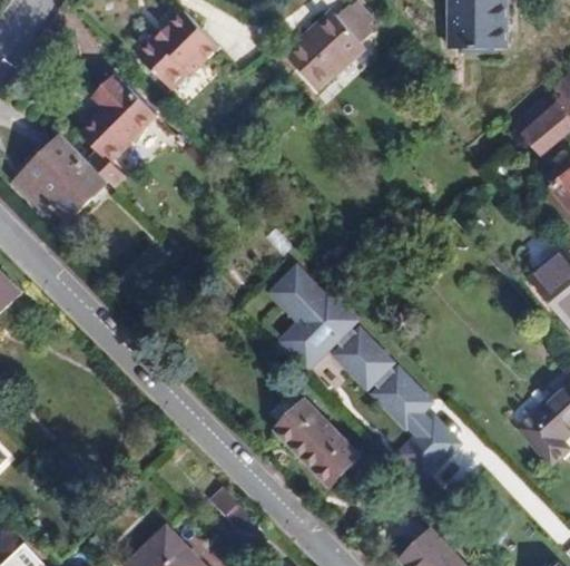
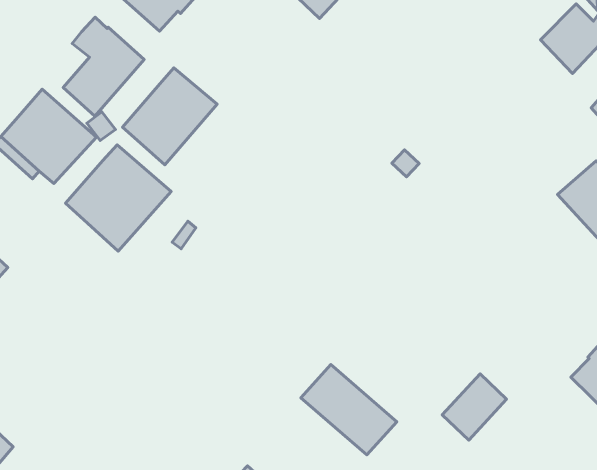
building: none -> [123,68,217,165]
building: none -> [65,145,171,251]
building: [271,266,432,419] -> none

